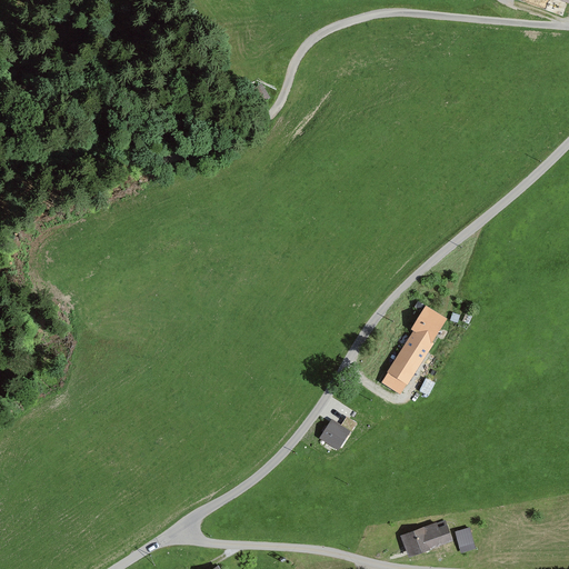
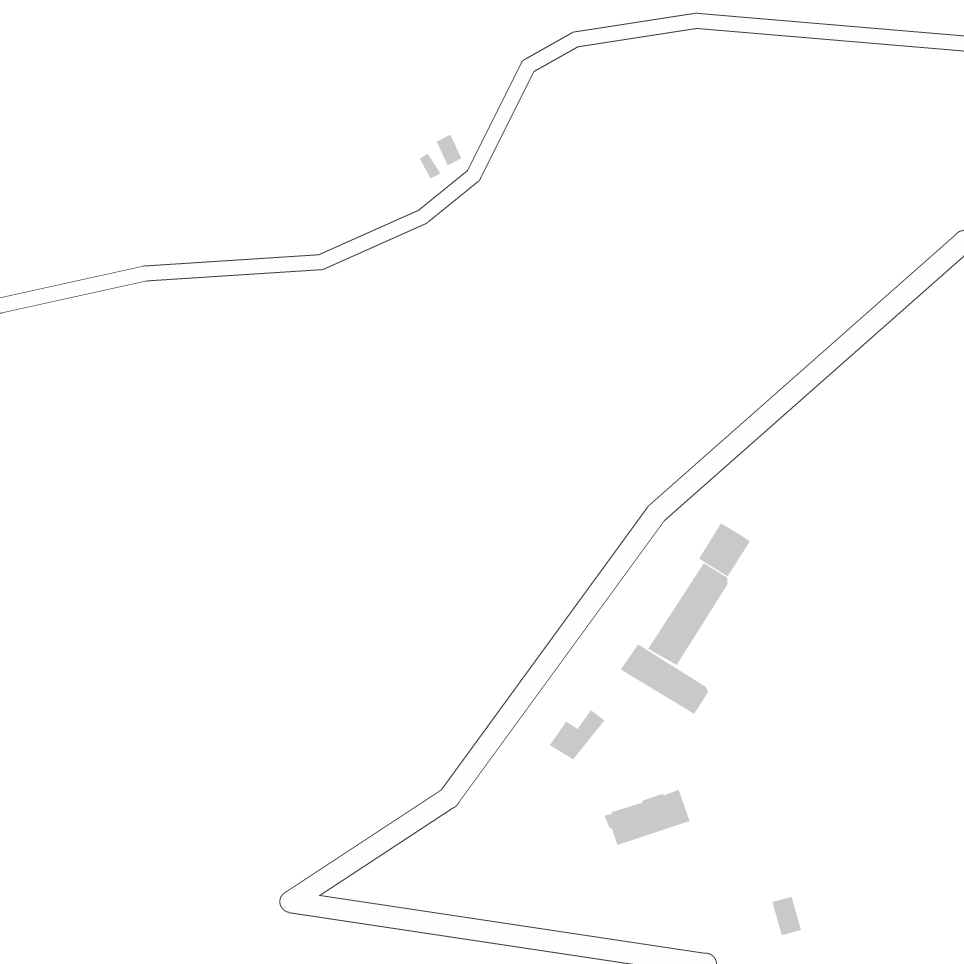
building: none -> [620,643,709,715]
building: [399,521,450,555] -> [604,789,690,846]

